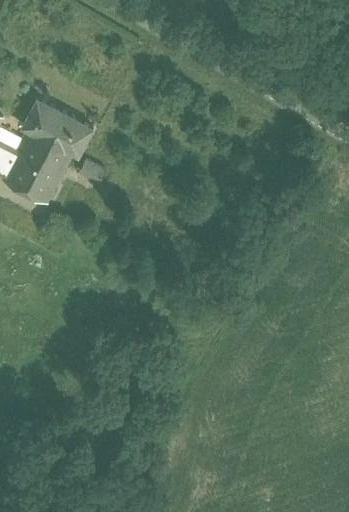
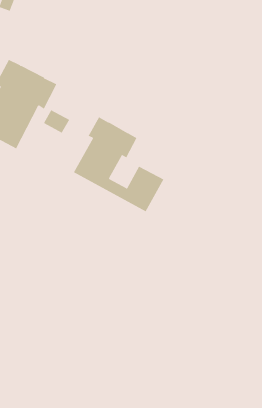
building: none -> [73,116,164,212]

